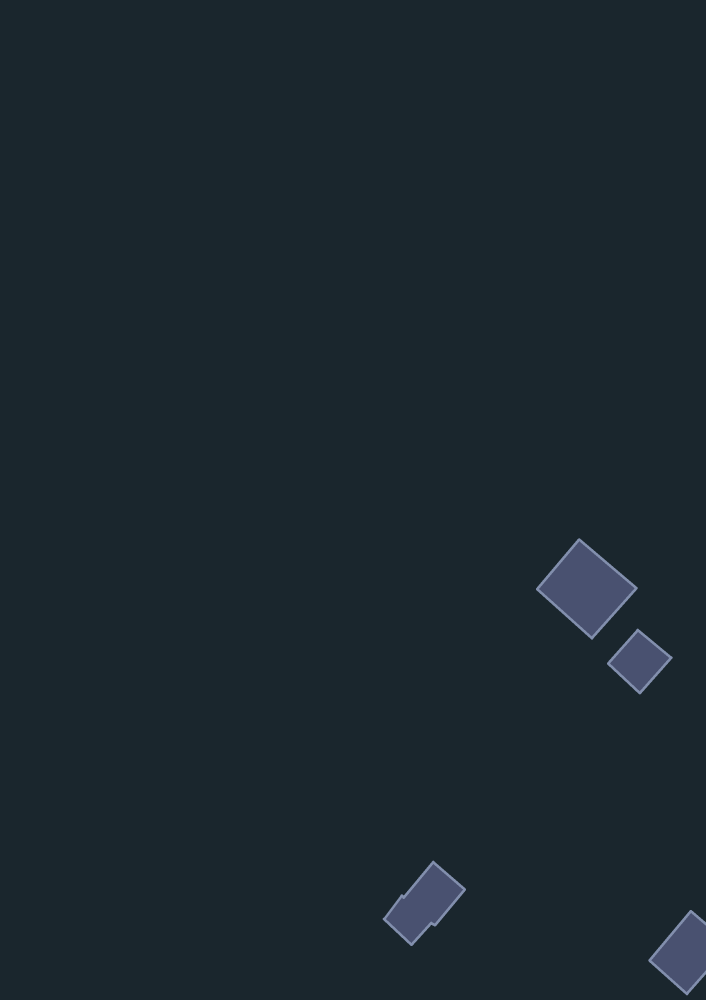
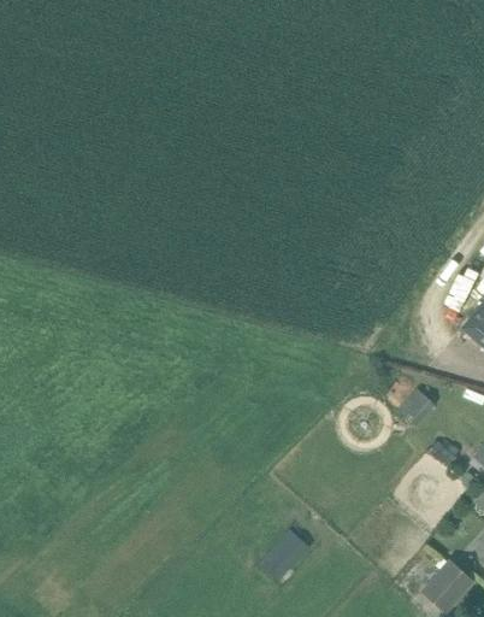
building: [537,540,636,638] -> none

